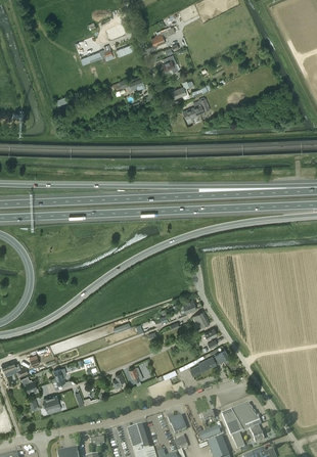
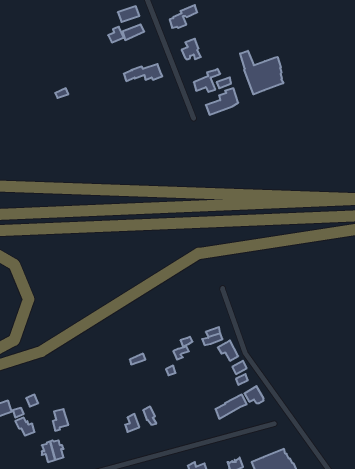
building: none -> [240,51,283,94]

